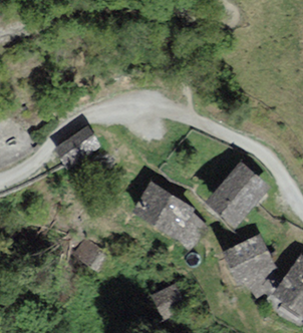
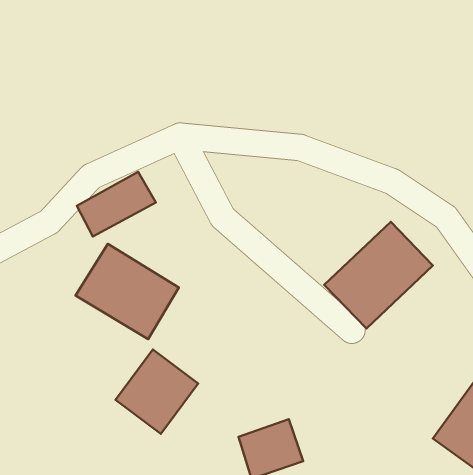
building: [131,181,196,240] -> [75,244,179,339]
building: [222,234,278,285] -> none

